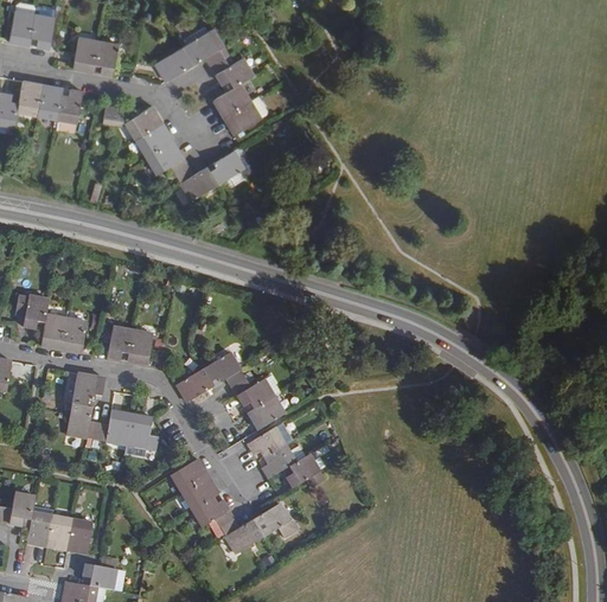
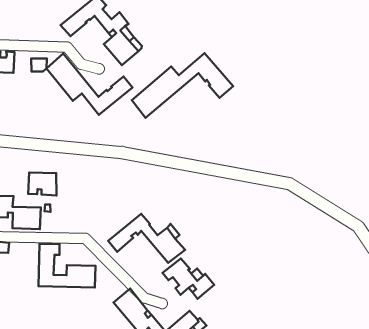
building: [72,37,119,75] -> none
building: none -> [132,53,233,118]
building: [107,326,152,365] -> [28,172,56,195]

